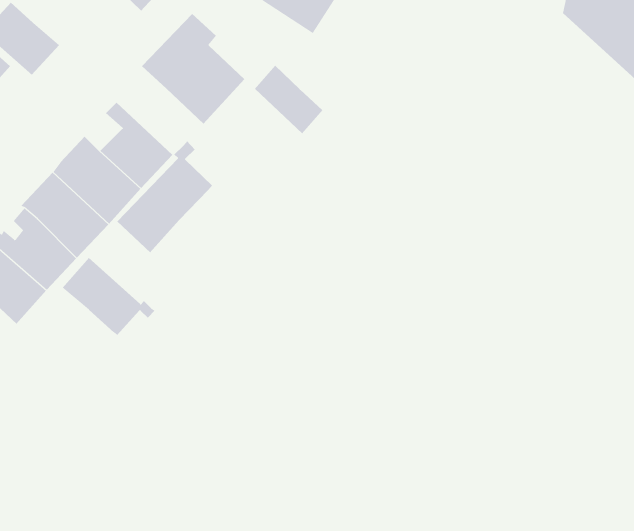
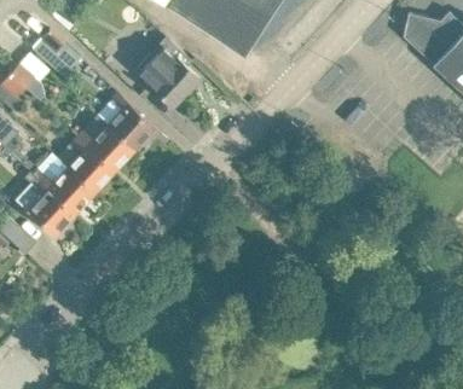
building: [254,65,323,134] -> none
building: [117,141,213,253] -> none
building: [62,257,155,336] -> none

